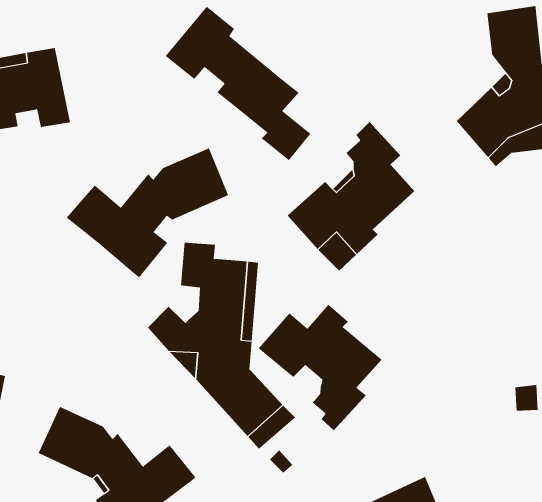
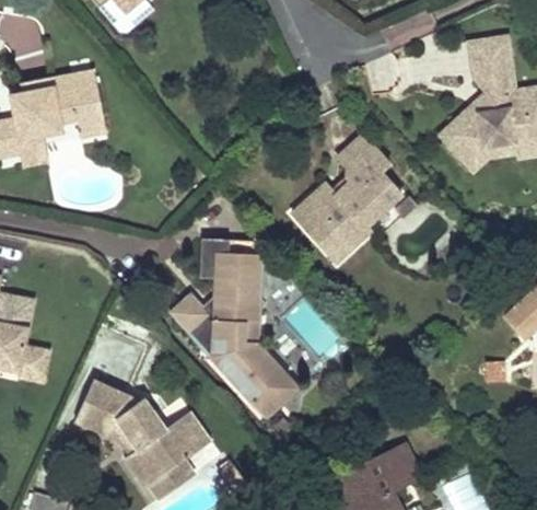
building: [165,6,311,161] -> none
building: [66,147,229,278] -> none
building: [258,304,382,431] -> none

